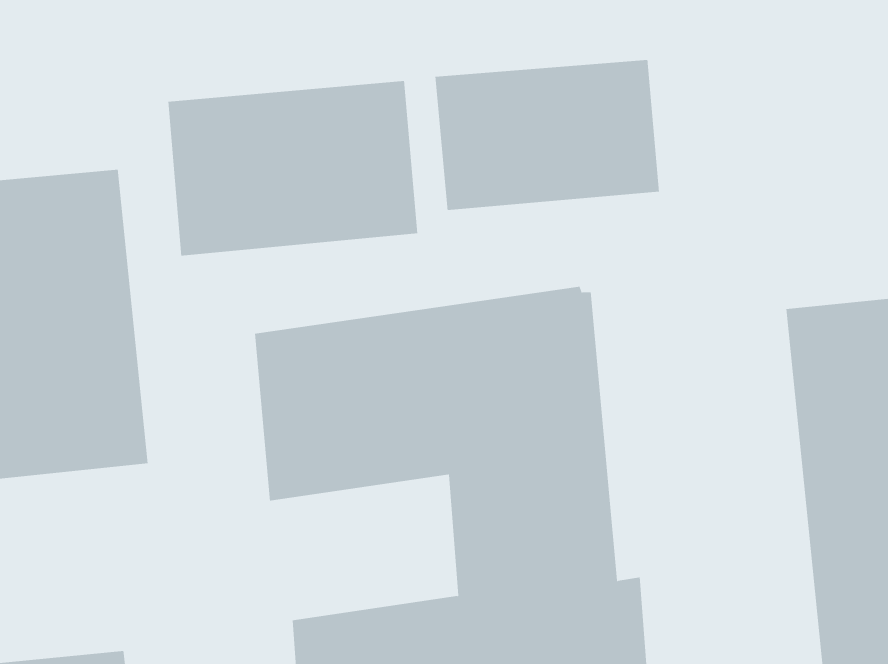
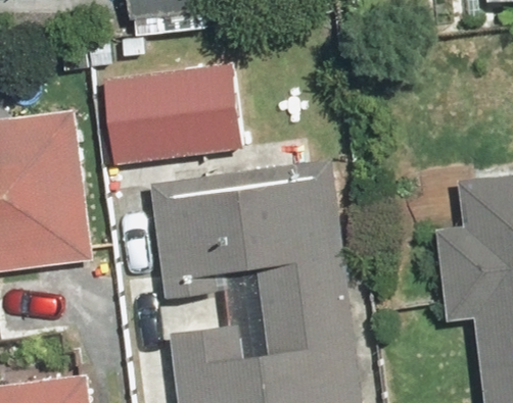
building: [435,59,660,211] -> none

